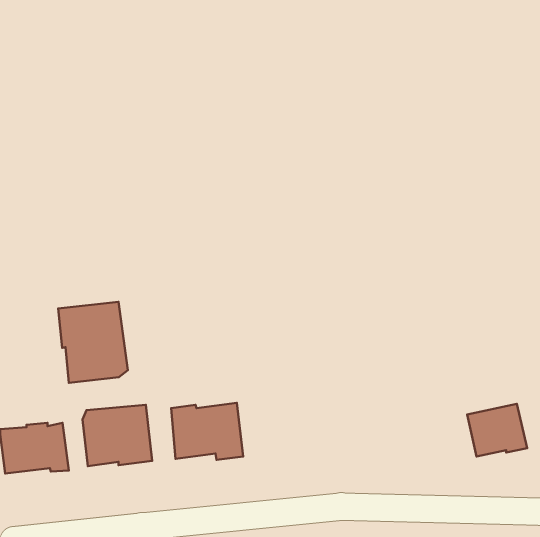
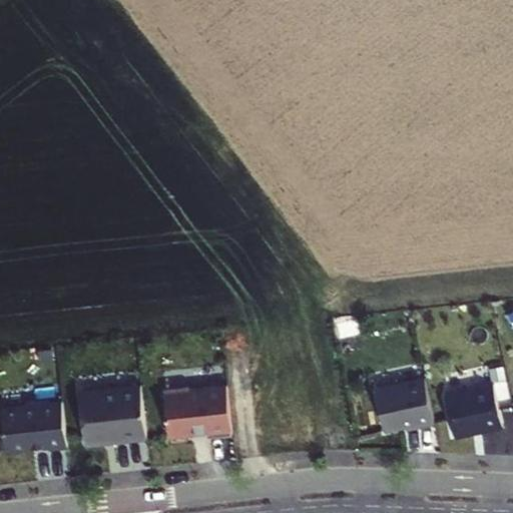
building: [58,302,128,383] -> none
building: none -> [375,379,432,431]

